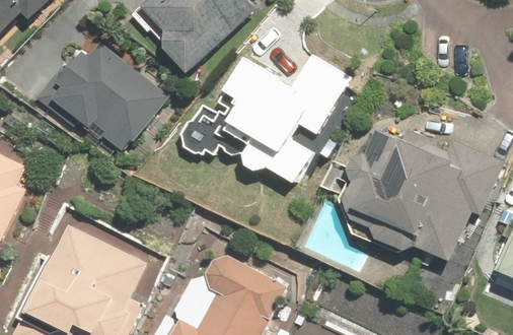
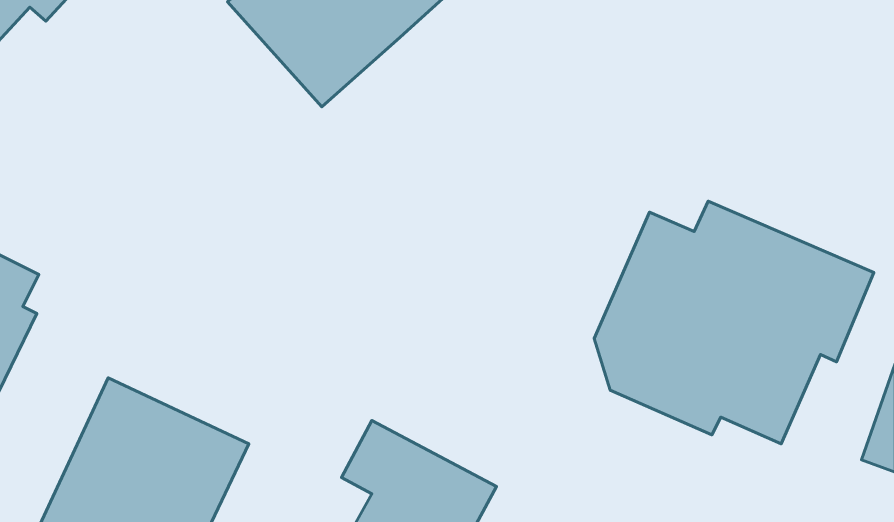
building: [52,40,165,152] -> none
building: [201,53,352,184] -> none

